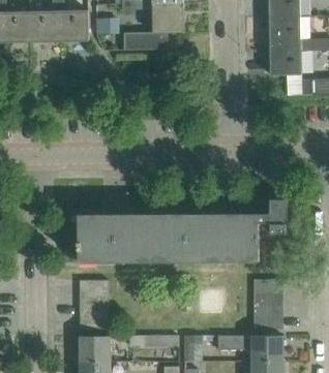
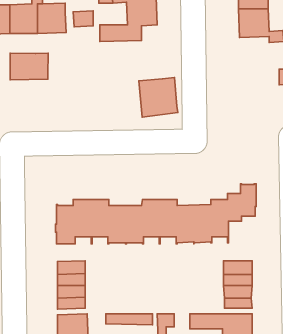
building: [270,44,301,75] -> none
building: none -> [10,53,48,80]
building: none -> [139,77,178,117]

